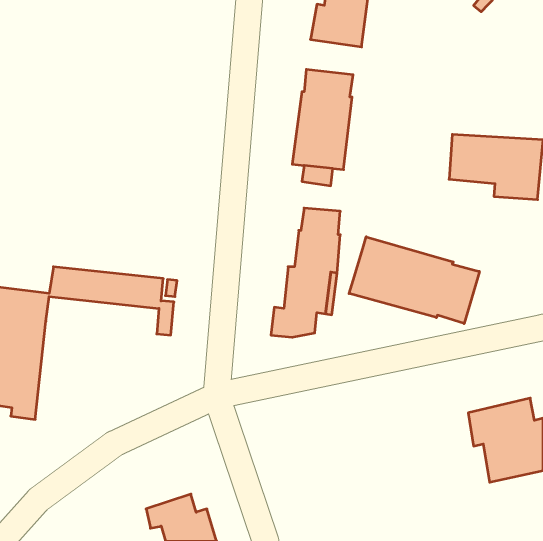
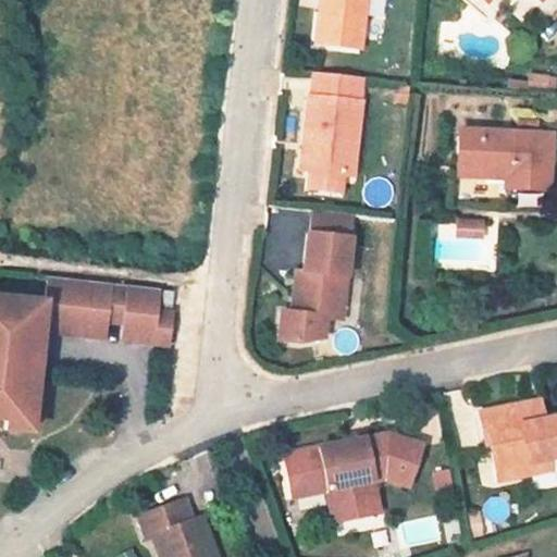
building: [349,237,479,324] -> none
building: none -> [47,302,162,341]
building: none -> [288,433,426,522]

